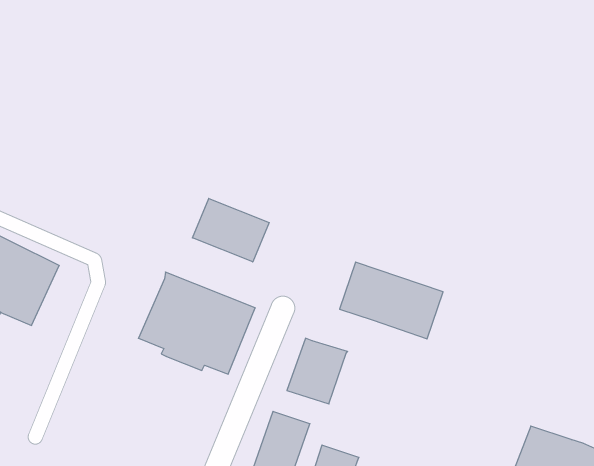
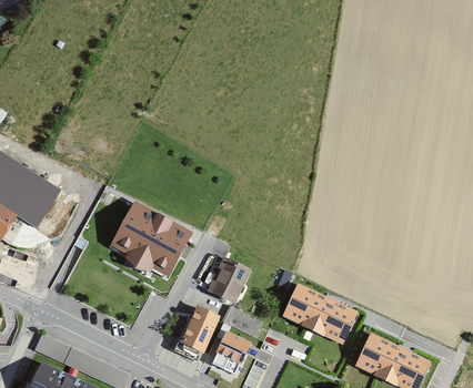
building: [192,198,269,262] -> none
building: [340,262,443,339] -> [283,284,355,341]

